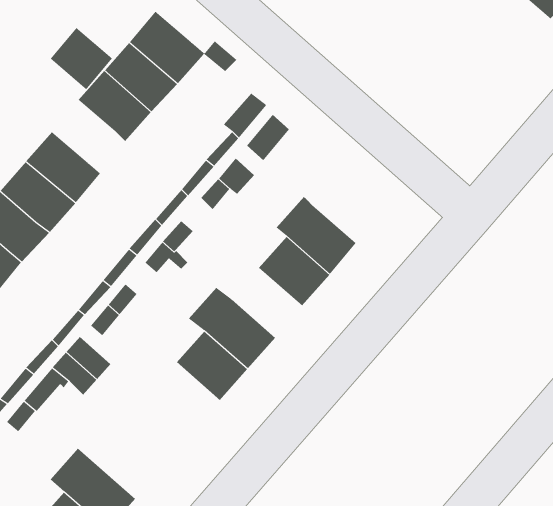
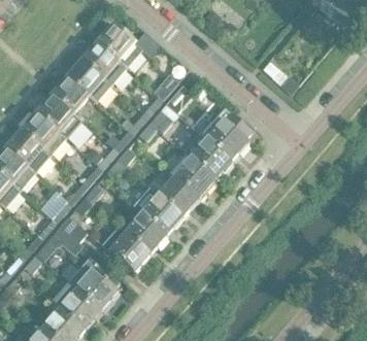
building: [50,27,113,90] -> [53,74,90,111]
building: none -> [203,106,252,159]
building: none -> [159,173,200,214]
building: none -> [102,224,152,271]
building: none -> [68,253,121,309]

